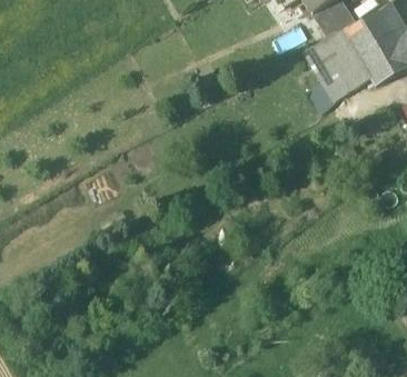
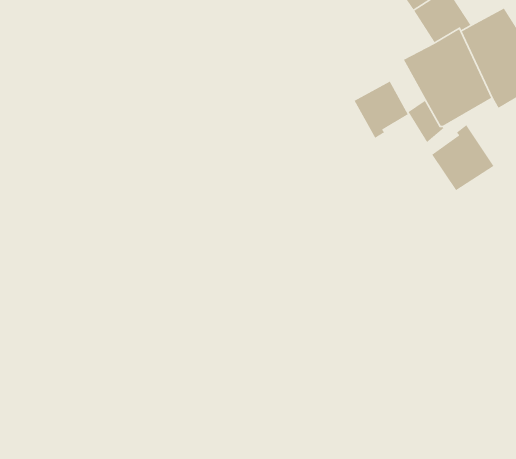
building: none -> [353,81,409,139]
building: none -> [431,124,494,191]

